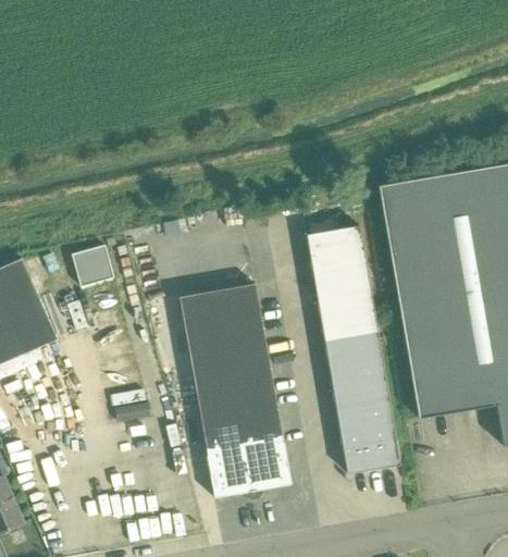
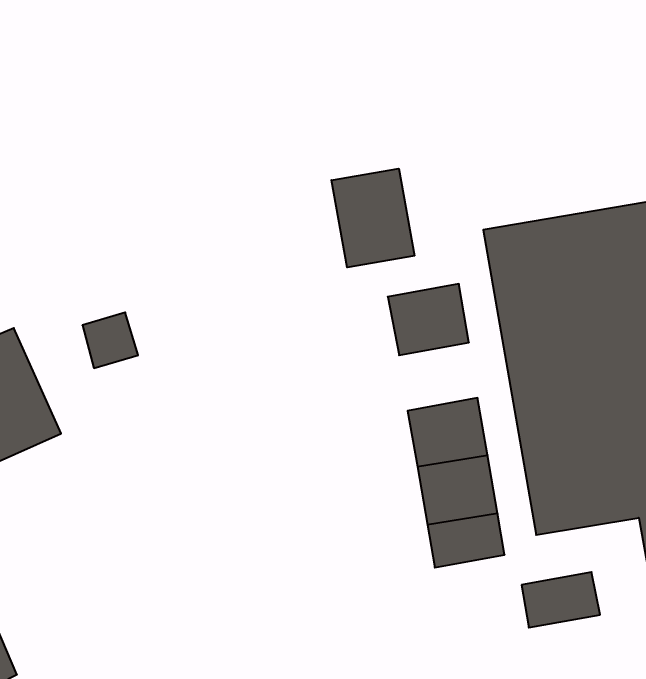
building: none -> [331,169,414,267]
building: [314,270,374,322] -> none
building: [178,282,292,498] -> none
building: [342,432,401,474] -> [522,572,600,628]

